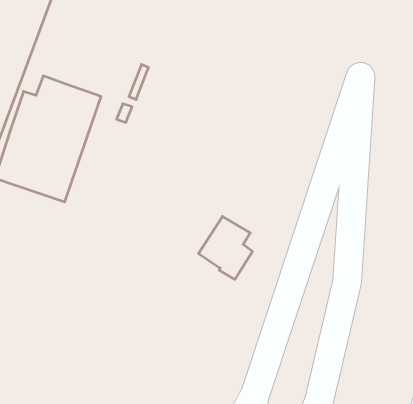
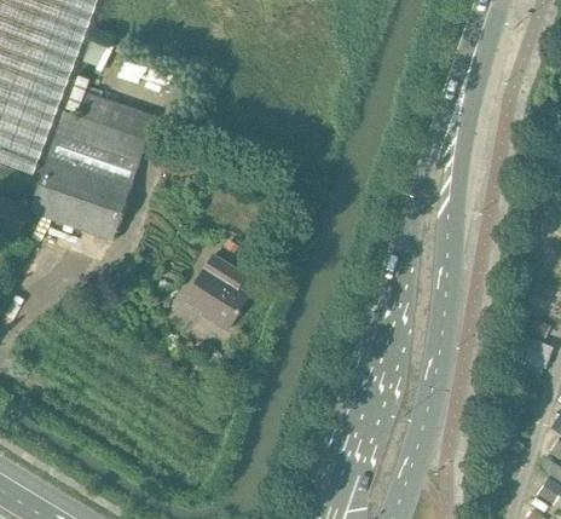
building: [199,216,252,279] -> [184,255,247,329]

